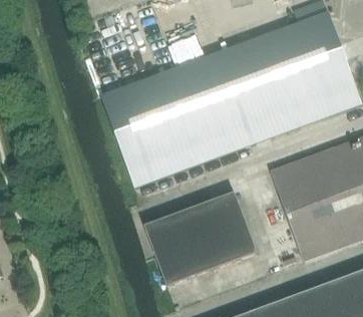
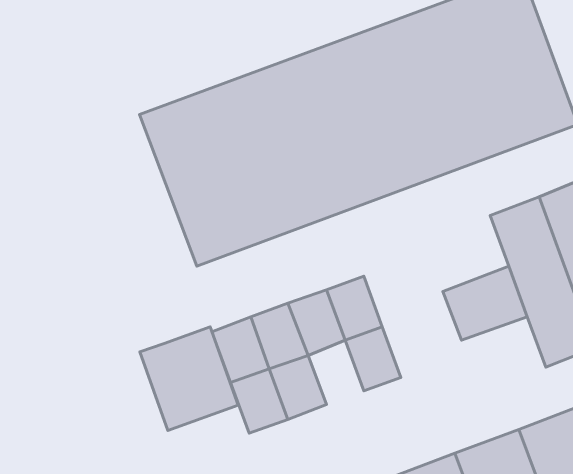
building: [270,155,320,201] -> none
building: [292,216,342,260] -> none
building: none -> [140,327,238,431]
building: [201,230,234,268] -> none

